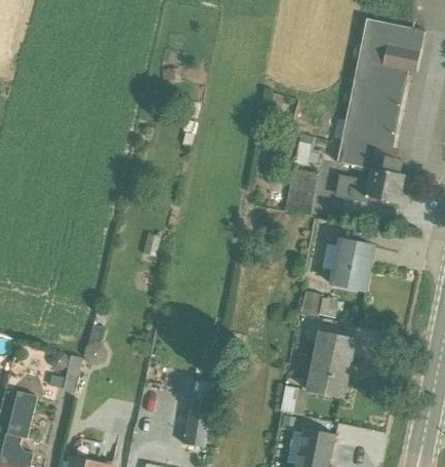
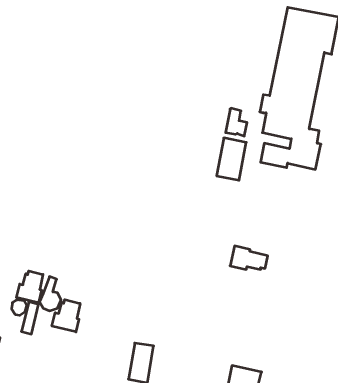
building: [320,238,373,289] -> none
building: none -> [16,271,43,303]
building: [280,332,354,415] -> none
building: none -> [52,300,80,332]

